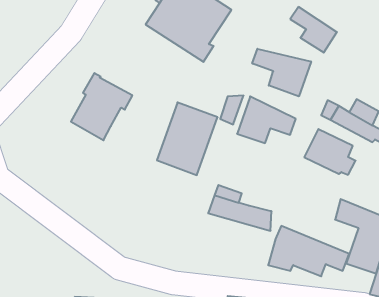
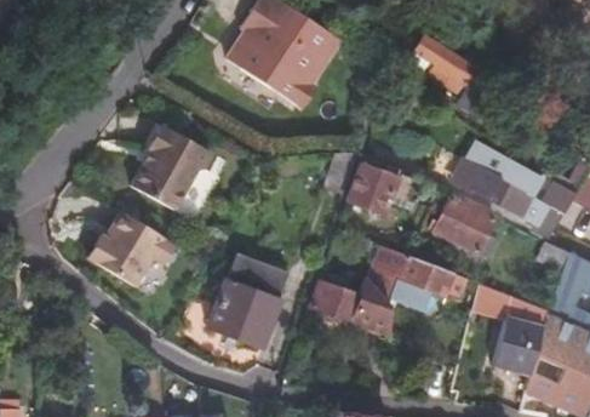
building: [252,49,311,96] -> none
building: [157,102,218,175] -> [207,250,286,344]
building: none -> [87,211,176,287]
building: [268,226,349,276] -> [362,244,468,309]

